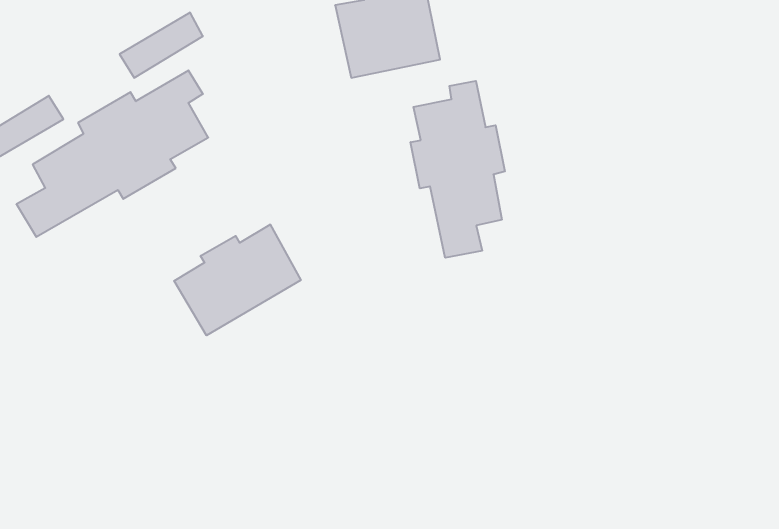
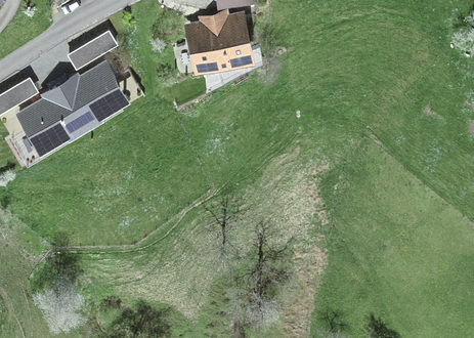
building: [411,81,505,258] -> none
building: [174,224,301,335] -> none

